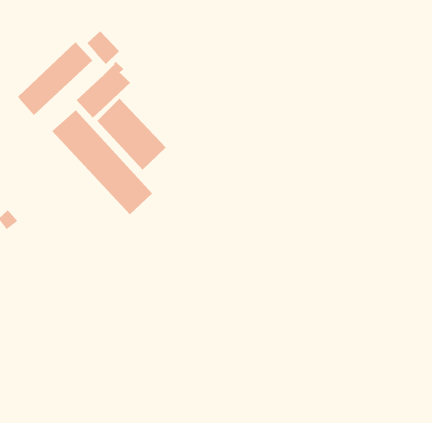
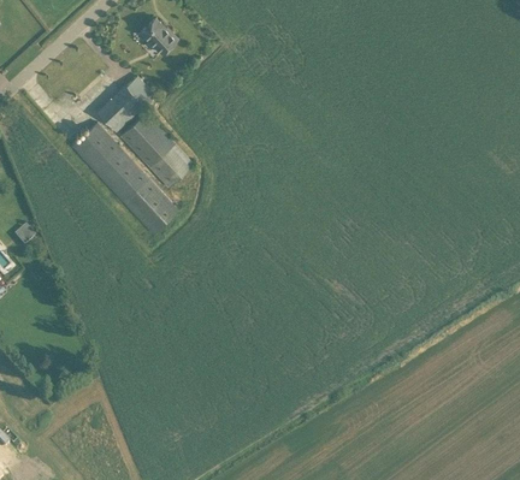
building: [86,30,120,65] -> [138,17,173,53]
building: [17,42,93,116] -> none

